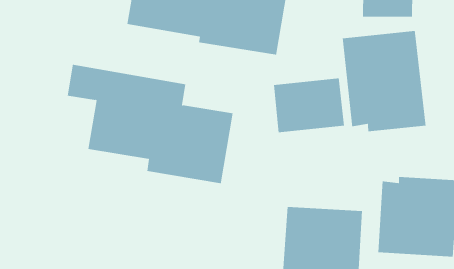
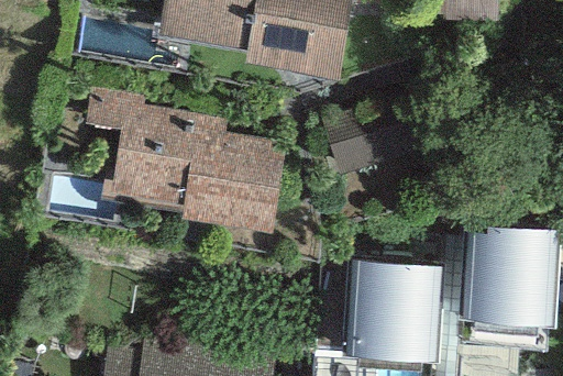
building: [342,30,426,132] -> none

